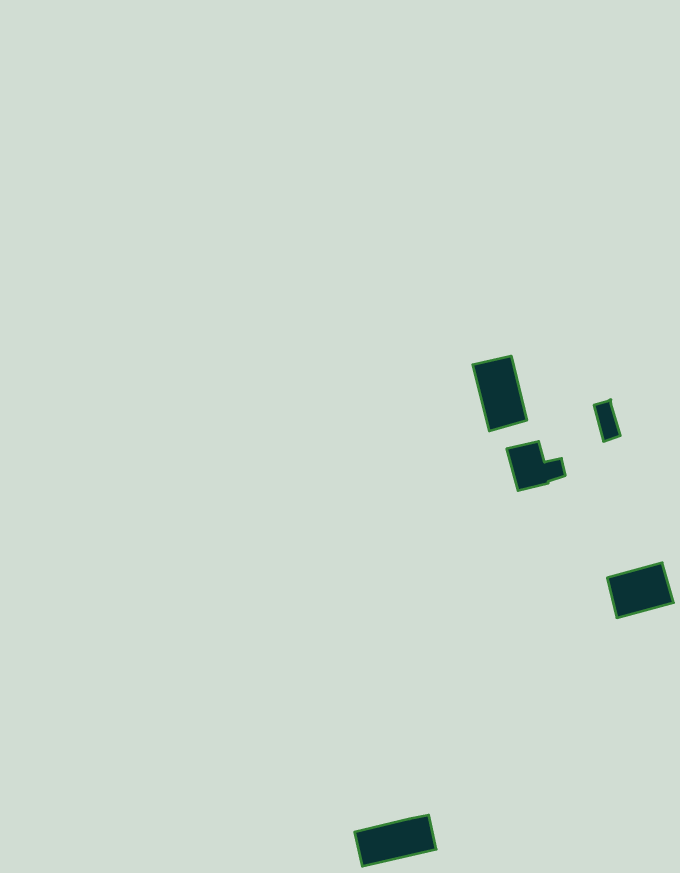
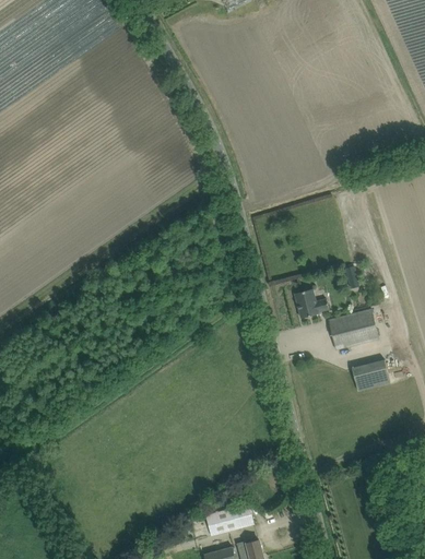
building: [473,356,527,431] -> none
building: none -> [328,309,379,349]

